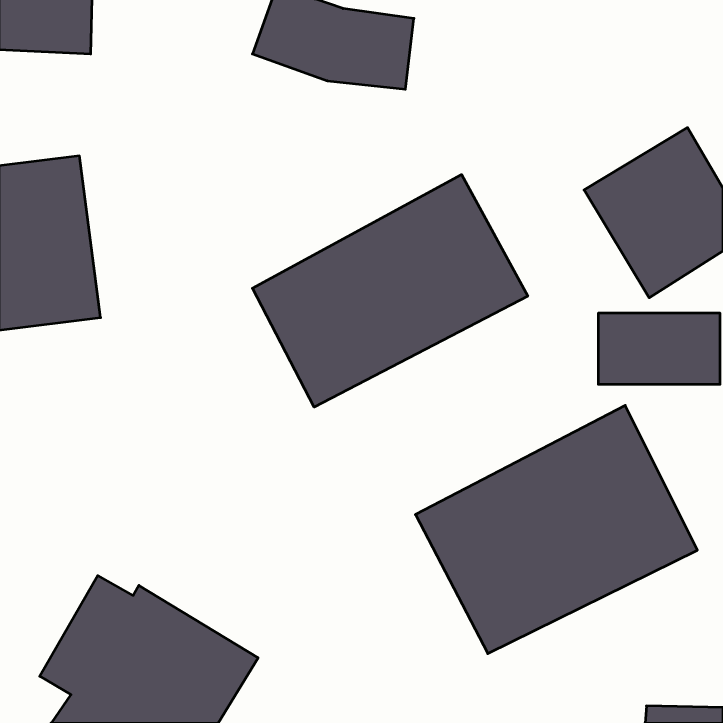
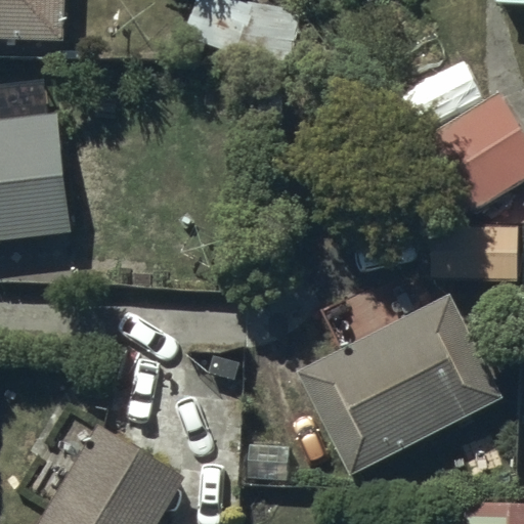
building: [252,175,528,407] -> none

